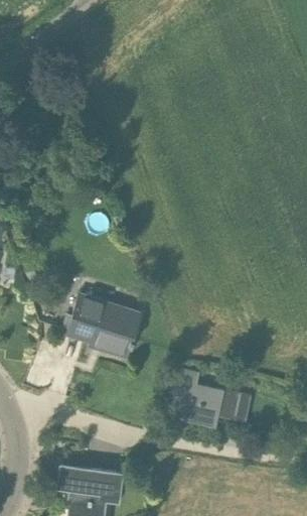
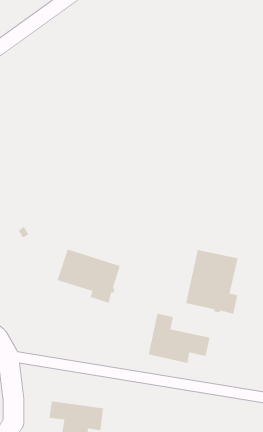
building: none -> [185,249,239,315]

